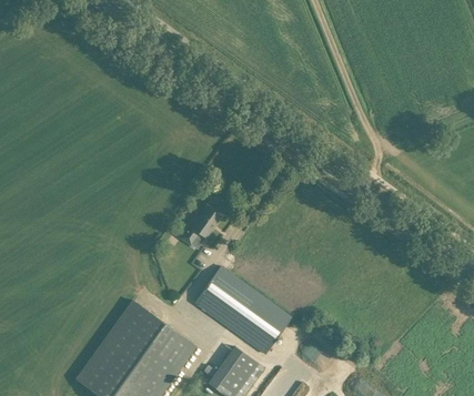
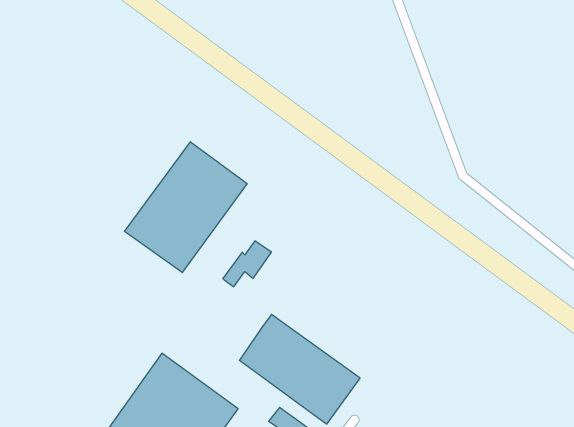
building: none -> [124,142,247,273]

